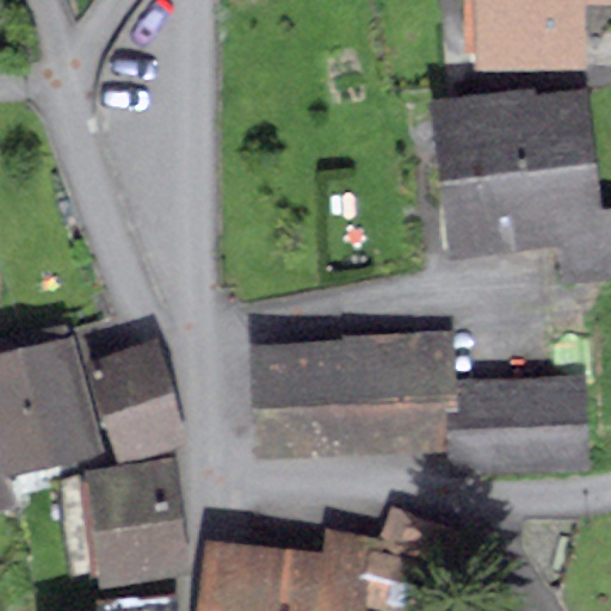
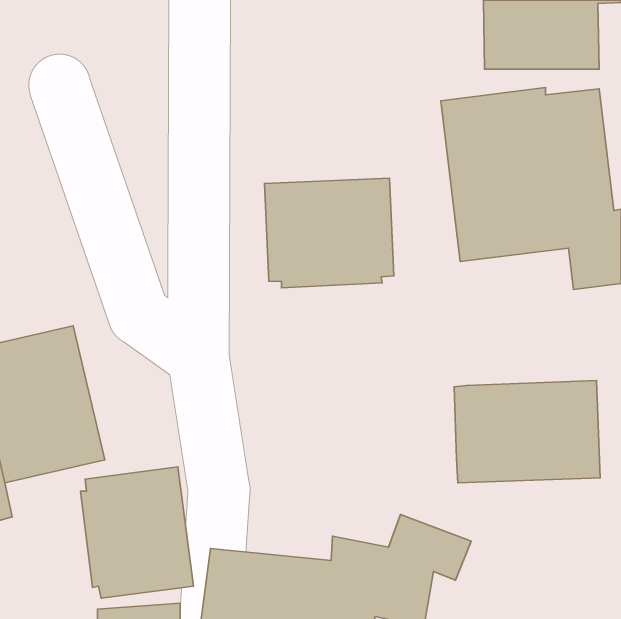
building: none -> [264,178,394,288]
building: [249,332,457,461] -> none
building: [86,340,189,467] -> none

